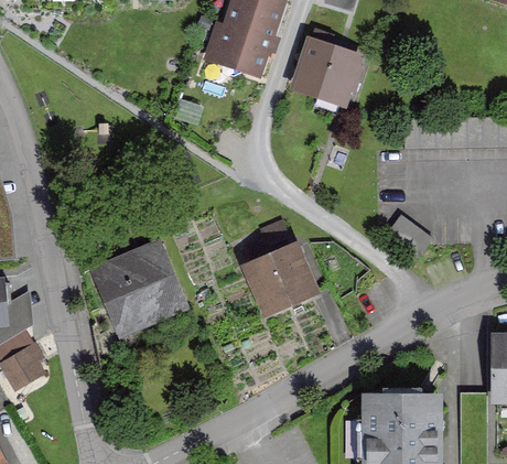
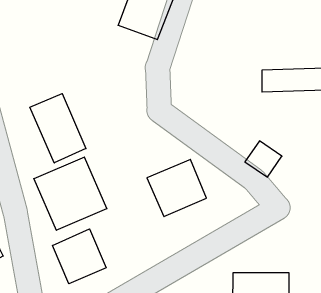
building: [291,35,364,105] -> none
building: none -> [30,94,86,163]
building: none -> [53,229,106,284]

